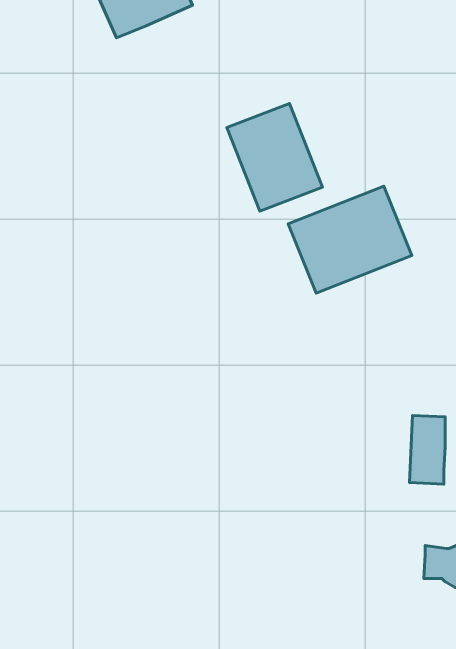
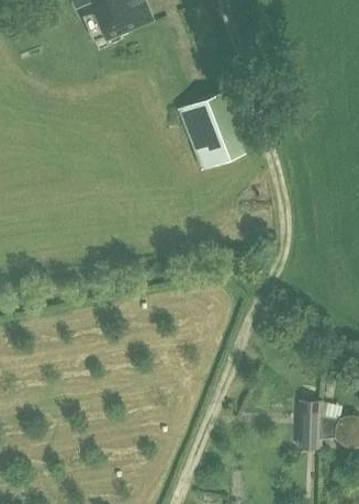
building: [288,186,412,293] -> none
building: [409,415,445,484] -> [296,399,323,449]

